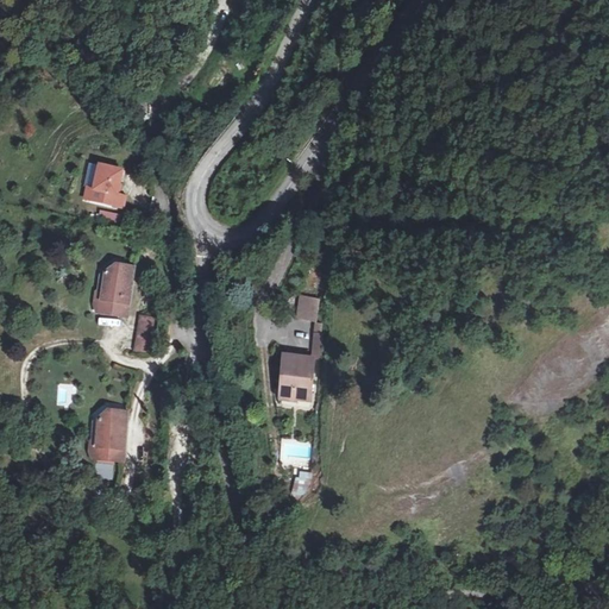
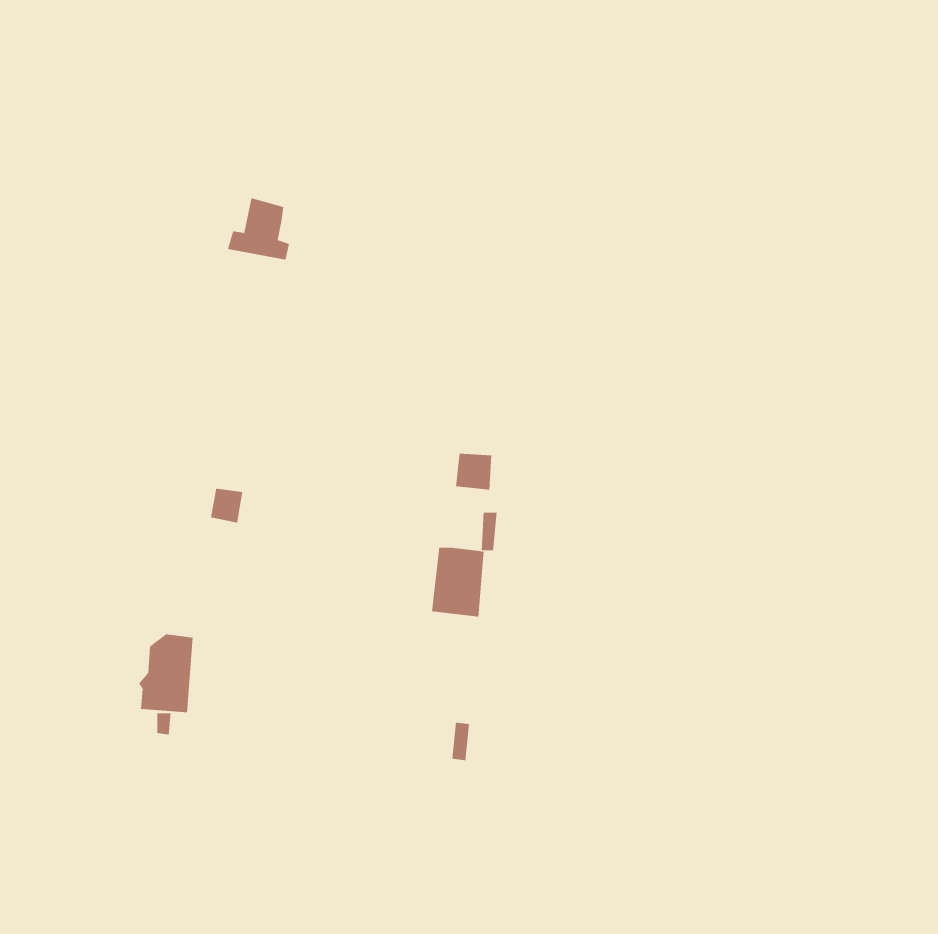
building: [82,165,123,206] -> [227,198,290,260]
building: [94,264,131,315] -> none

